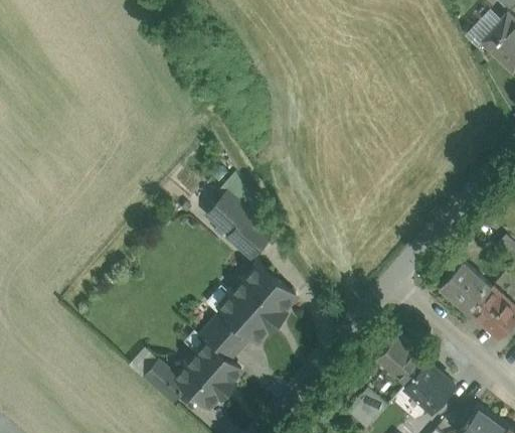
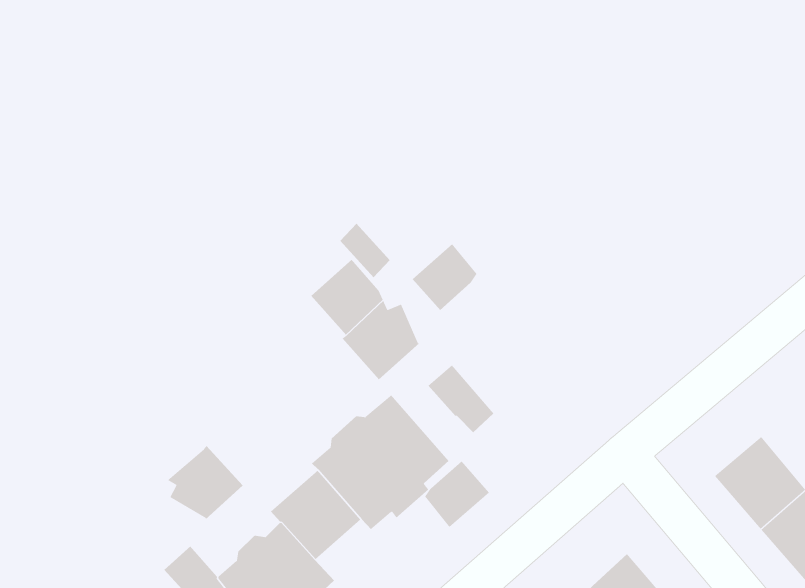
building: none -> [412,243,477,311]
building: none -> [428,364,494,433]
building: none -> [424,460,490,528]
building: none -> [167,445,243,520]

